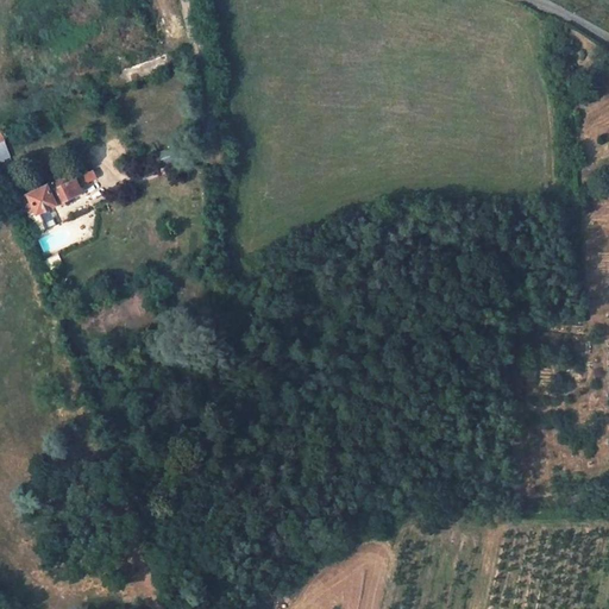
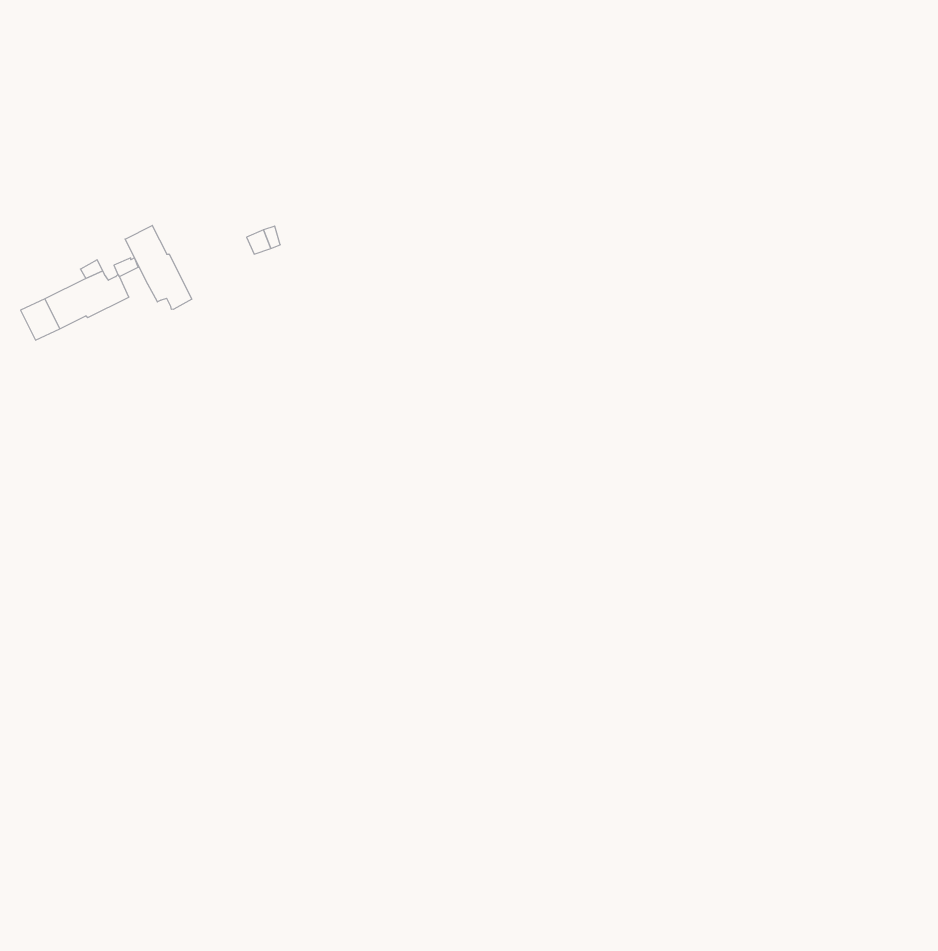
building: none -> [125,225,192,309]

